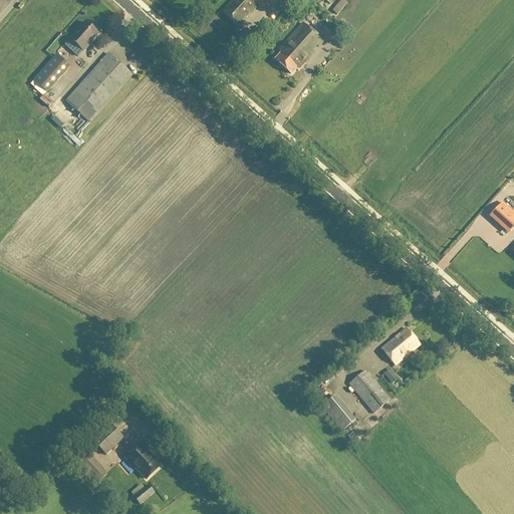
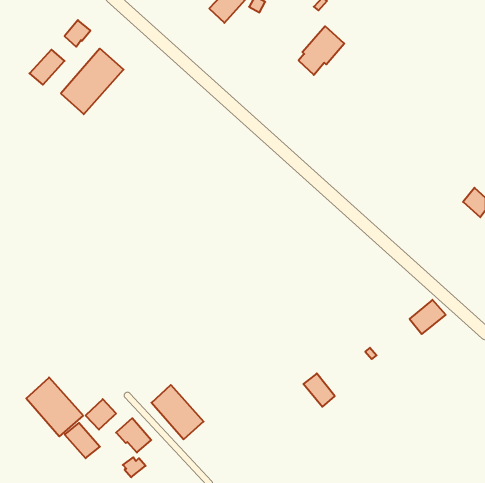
building: [274,21,322,72] -> [299,26,344,75]
building: [381,327,420,363] -> [410,300,446,334]
building: [348,369,390,412] -> none
building: none -> [26,377,83,436]
building: none -> [151,385,204,439]

